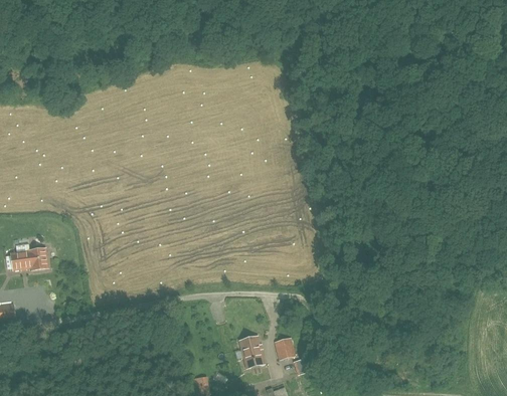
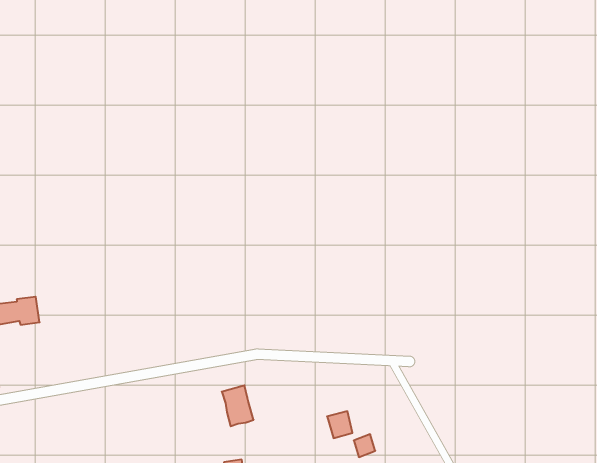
building: [238,336,264,368] -> [222,385,254,426]

